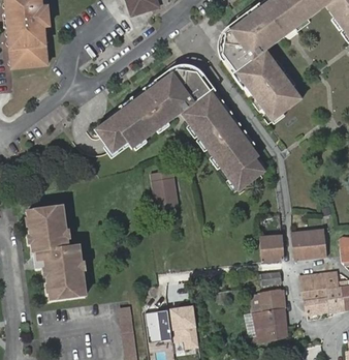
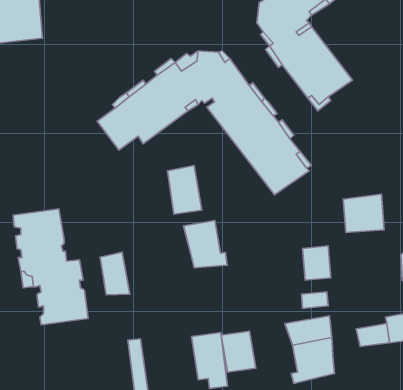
building: none -> [183,221,227,268]
building: [293,228,326,259] -> [343,194,384,232]
building: none -> [100,252,130,295]
building: [300,271,337,300] -> none
building: [144,308,171,341] -> [221,331,256,372]

